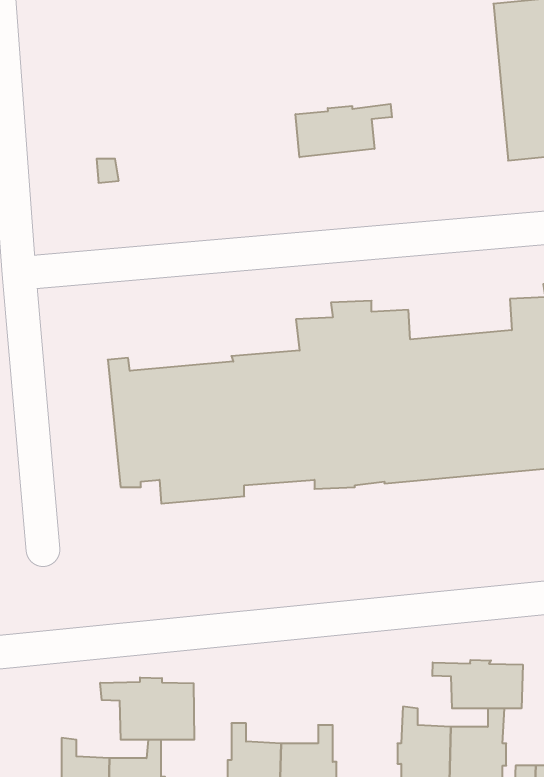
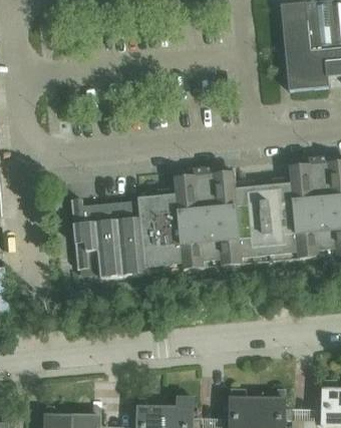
building: [296,104,392,157] -> none
building: [432,660,523,708] -> none
building: [100,677,194,740] -> none

